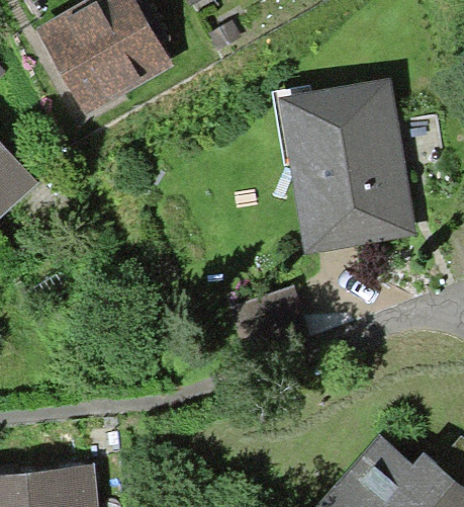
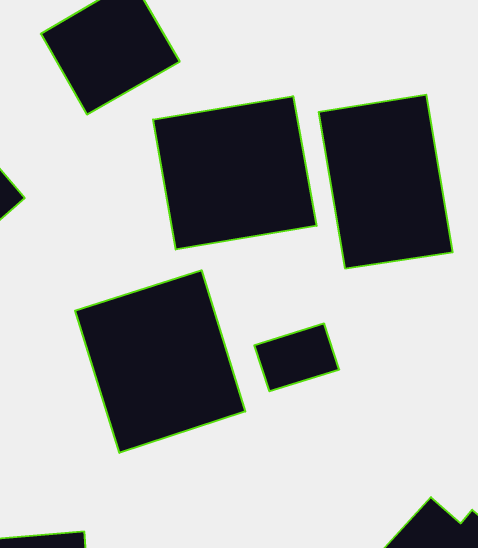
building: none -> [153,96,317,250]
building: none -> [75,270,245,453]

